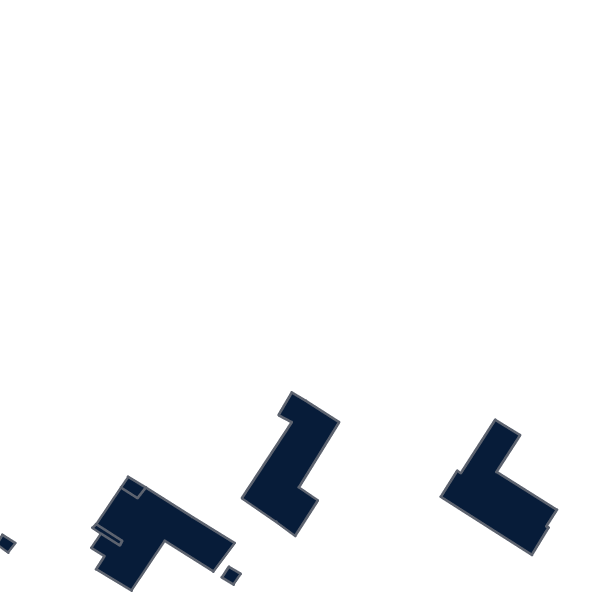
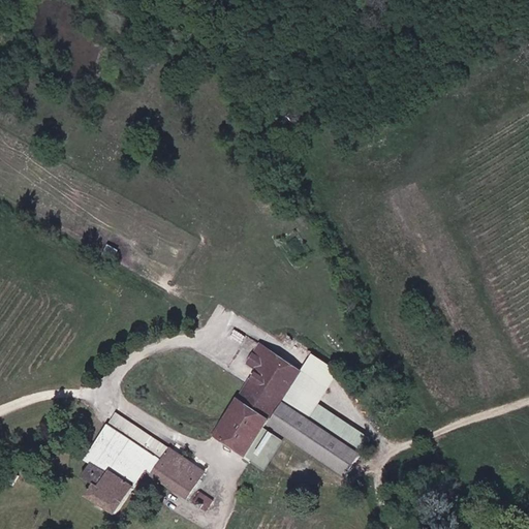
building: [441,420,557,555] -> [264,354,366,472]

